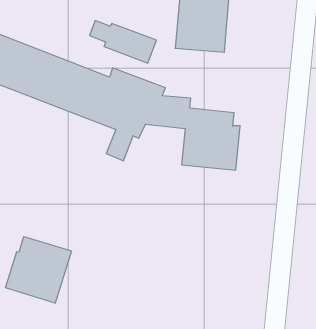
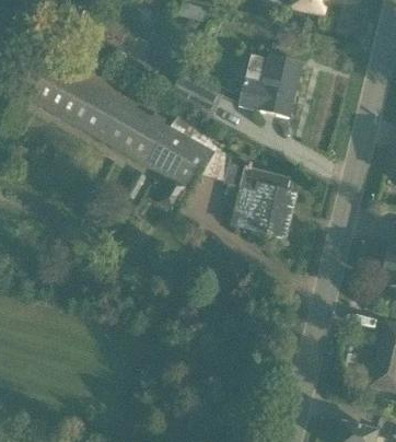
building: [6,237,72,303] -> none

